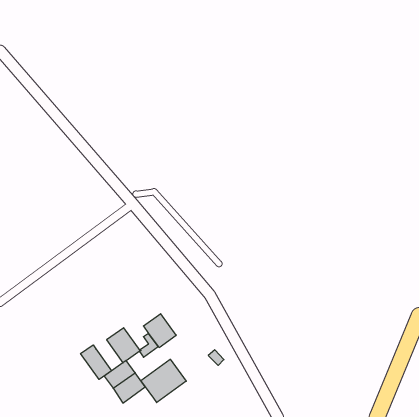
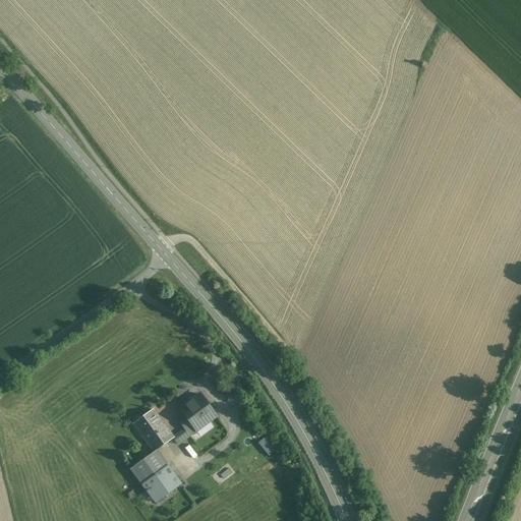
building: [81,345,112,379] -> none
building: [141,359,186,403] -> none

